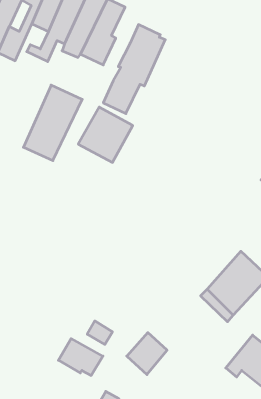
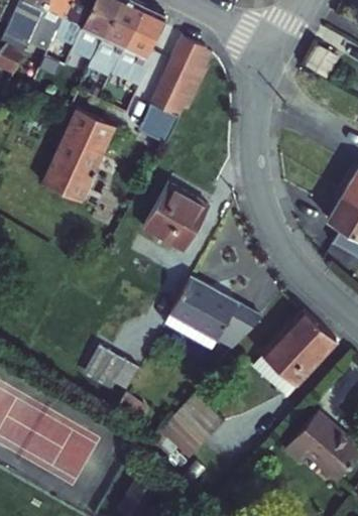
building: [78,107,133,162] -> [145,182,211,249]
building: none -> [164,280,260,354]
building: [58,339,103,375] -> [78,352,131,396]

